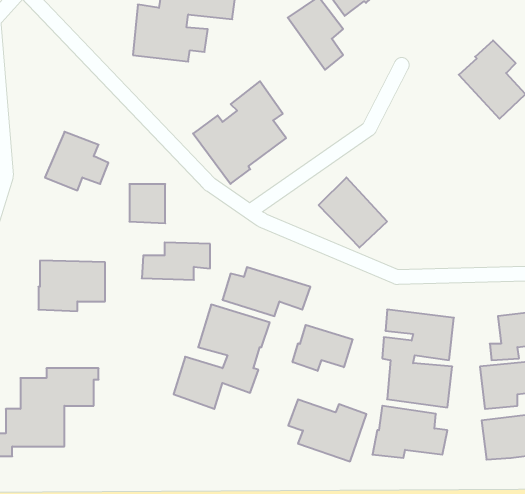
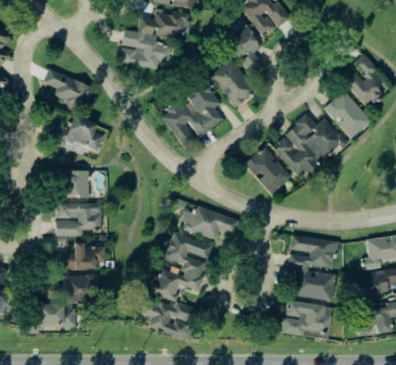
building: none -> [211,58,255,107]
building: none -> [44,68,89,109]
building: none -> [324,90,371,139]
building: none -> [272,113,344,177]
building: [129,184,165,223] -> [65,170,89,197]
building: [142,242,210,280] -> [58,244,104,269]
building: [293,325,353,371] -> none
building: [288,399,366,461] -> [142,298,195,340]

